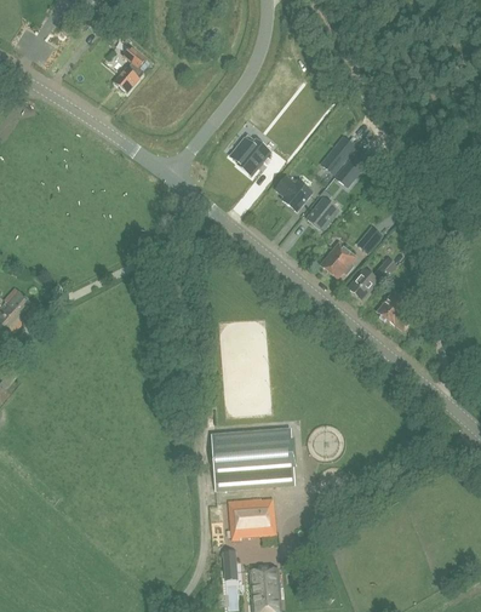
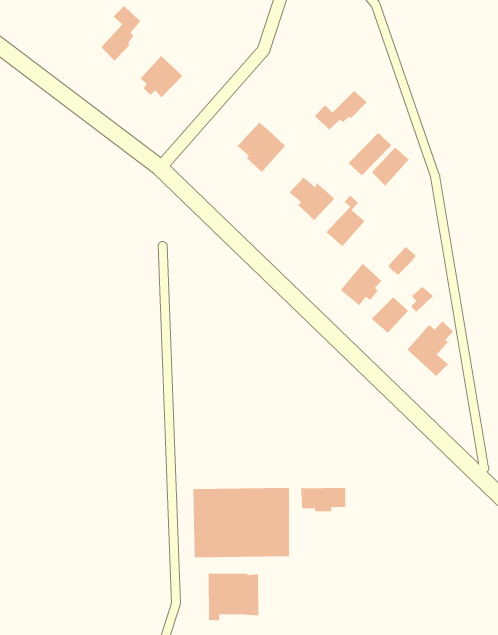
building: none -> [140,55,183,98]
building: none -> [314,90,368,131]
building: none -> [301,487,346,512]

